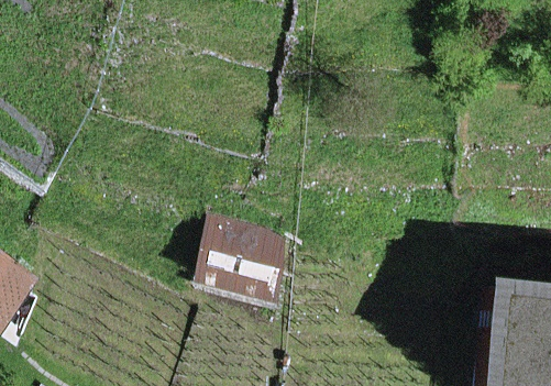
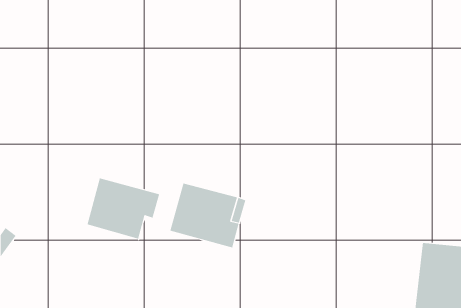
building: none -> [87,177,160,240]

